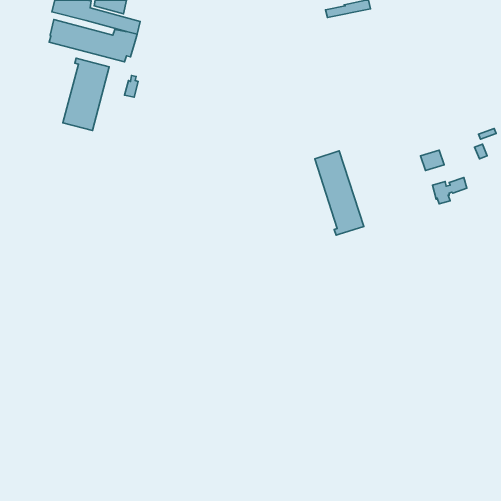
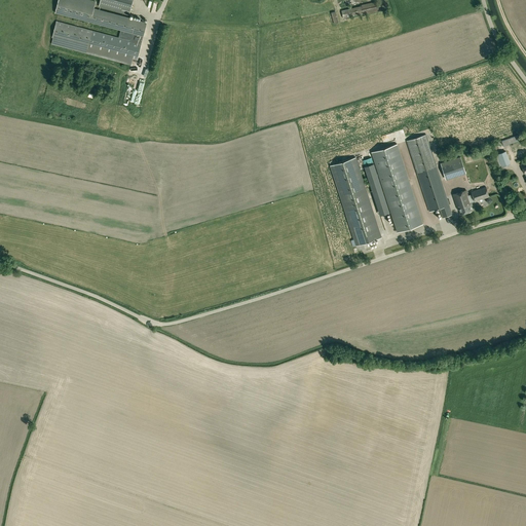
building: [63,58,109,130] -> none
building: none -> [406,135,452,220]
building: none -> [371,145,422,232]

